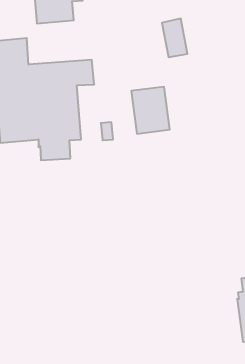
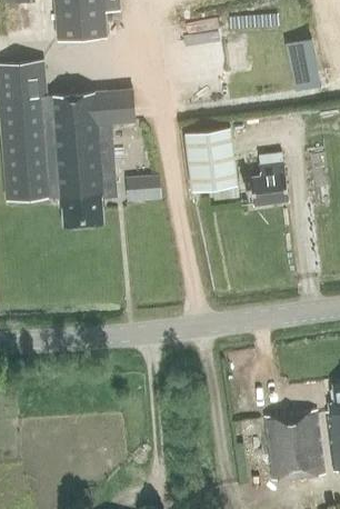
building: [162,19,187,57] -> [286,38,320,90]
building: none -> [250,154,288,206]
building: none -> [263,410,326,480]

